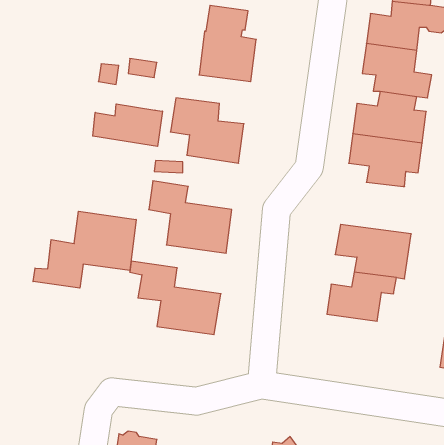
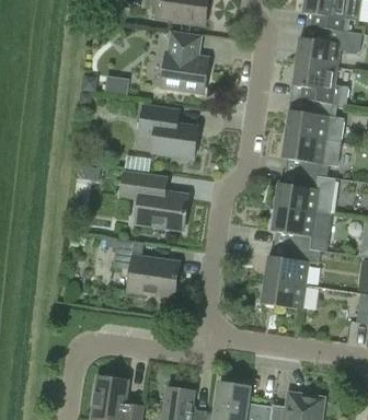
building: [93,104,162,146] -> none
building: none -> [275,174,335,215]
building: [33,211,136,288] -> none
building: none -> [261,280,304,310]

